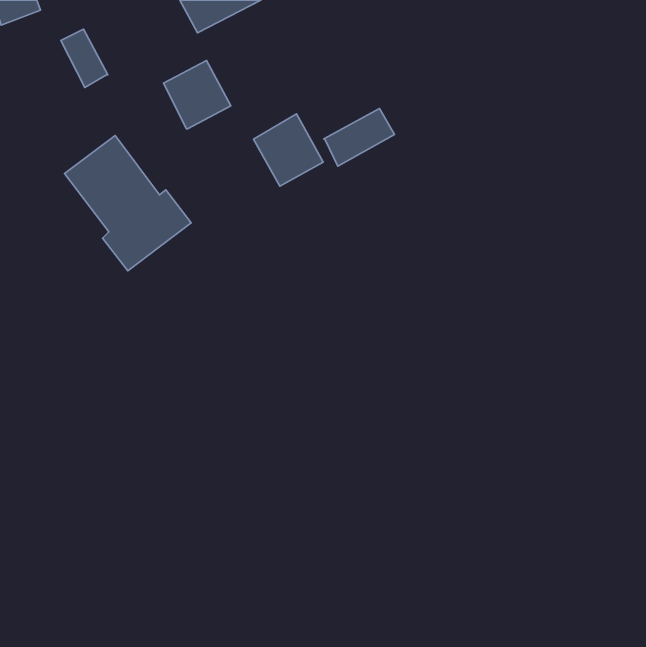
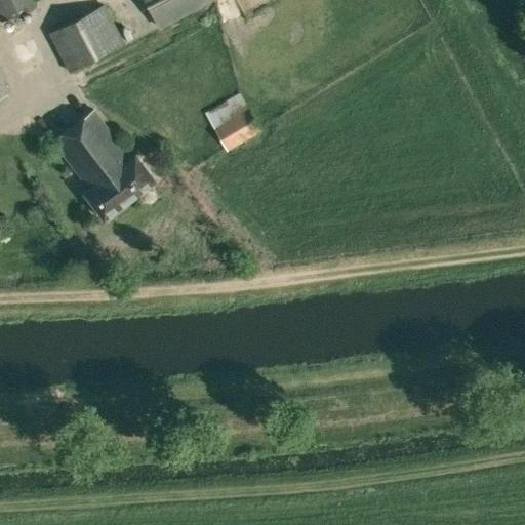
building: [164,60,231,129] -> [68,5,122,60]
building: [324,109,395,166] -> none

